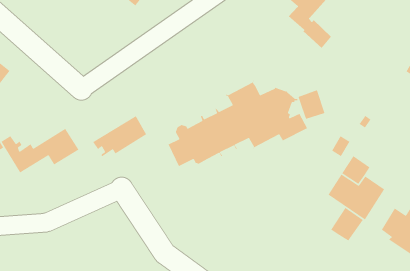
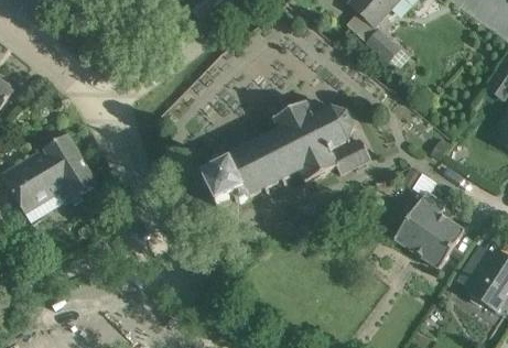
building: [297,89,325,120] -> none
building: [92,115,147,157] -> [14,133,80,184]
building: [330,207,364,242] -> none

